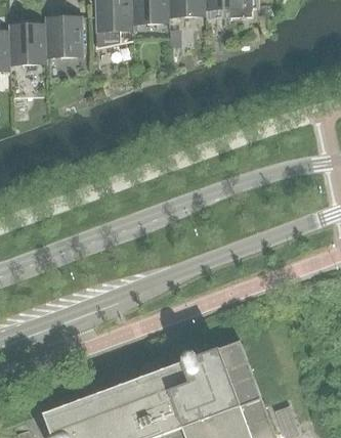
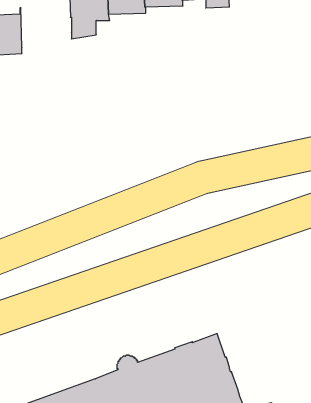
building: [45,16,83,56] -> none

